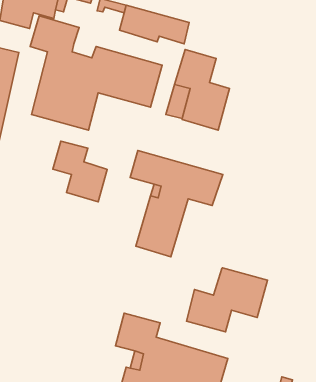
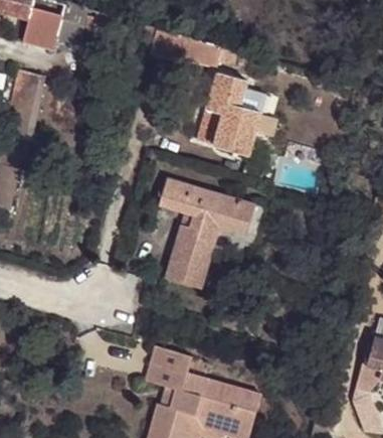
building: [30,16,162,130] -> none
building: [53,141,107,202] -> none
building: [187,268,268,332] -> none

